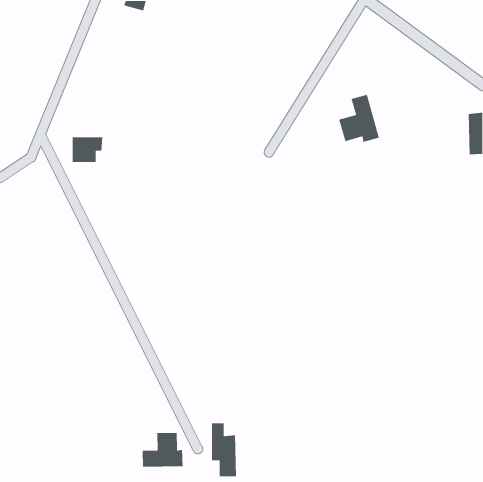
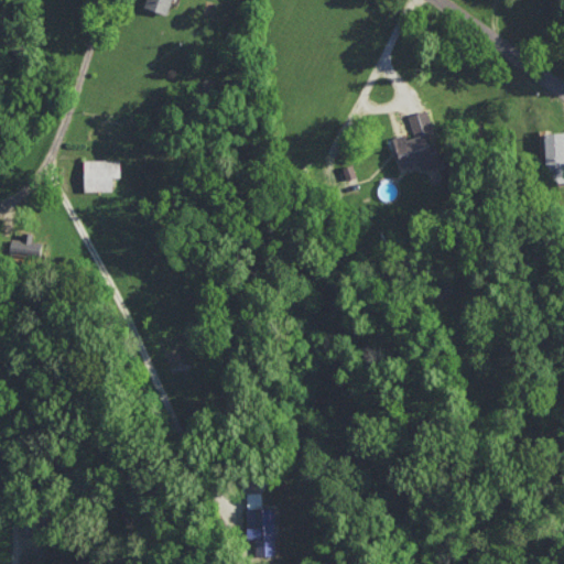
building: none -> [9,232,41,264]
building: [142,432,183,468] -> none

